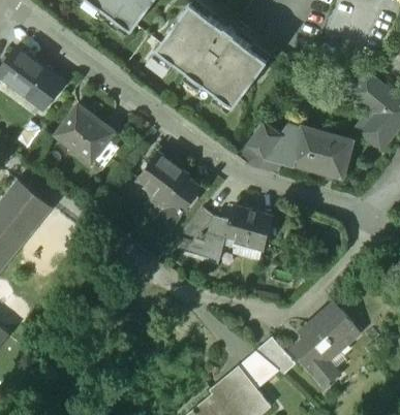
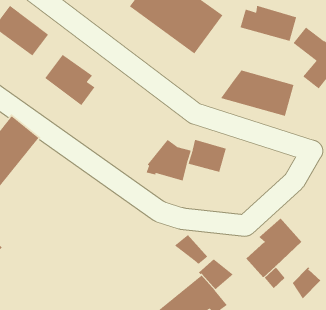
building: none -> [240,5,297,42]
building: [247,124,280,159] -> none
building: [136,152,201,226] -> none
building: [256,334,297,371] -> [174,234,208,265]
building: none -> [292,267,321,300]

